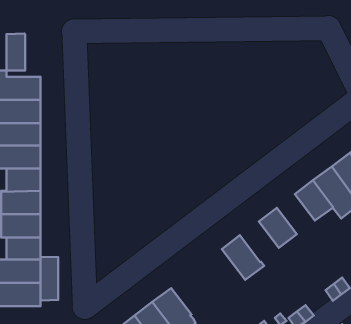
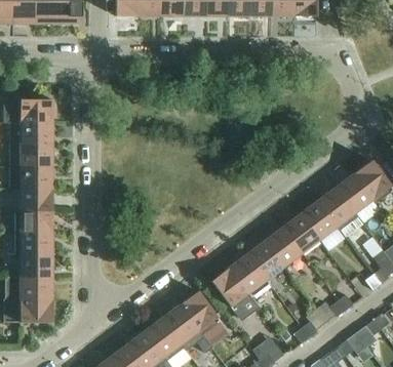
building: [7,33,25,70] -> none
building: none -> [282,213,319,252]
building: none -> [246,240,284,279]
building: none -> [210,267,259,321]
building: [40,257,58,301] -> none
building: none -> [180,290,220,334]

